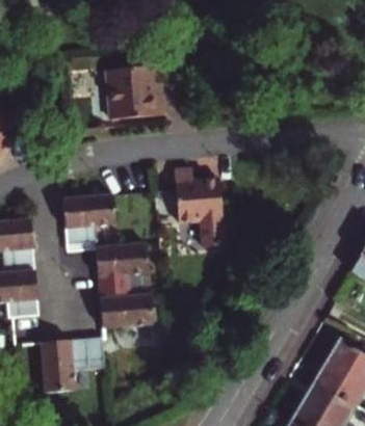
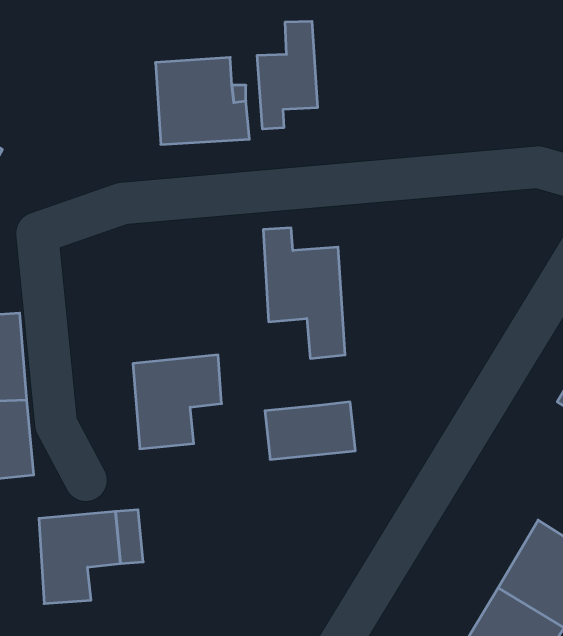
building: none -> [257,21,317,129]
building: [62,194,115,243] -> none
building: [101,294,155,328] -> [265,402,355,459]

